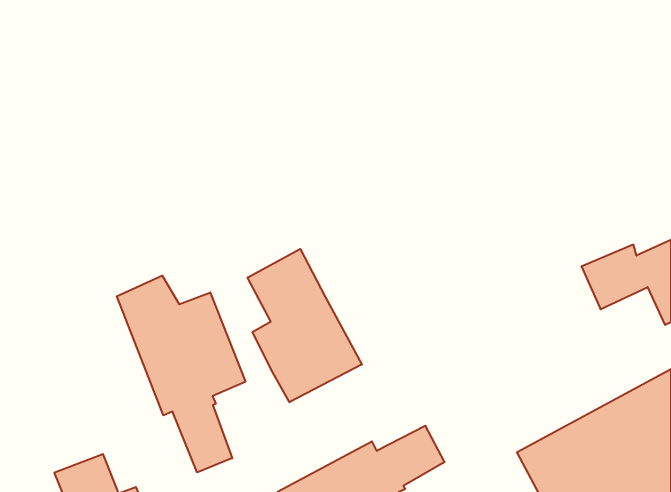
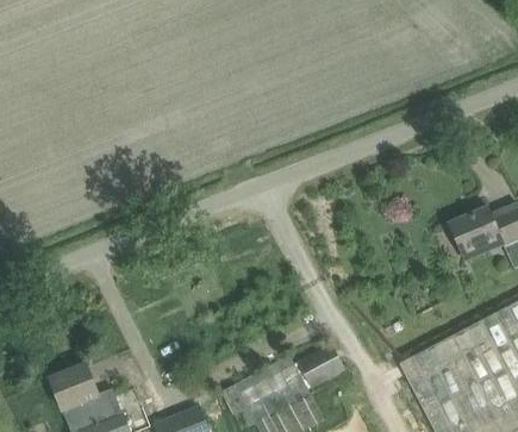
building: [248,249,362,402] -> none
building: [117,276,245,472] -> none

